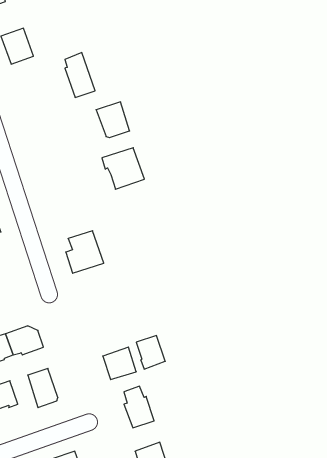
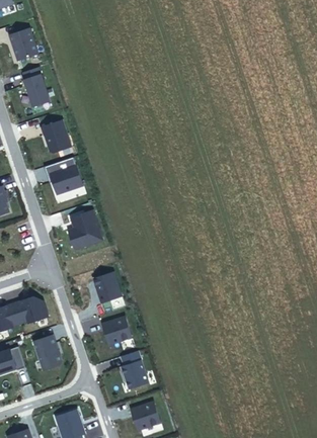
building: [65,53,95,97] -> [23,66,51,106]
building: [96,102,130,138] -> [41,119,71,152]
building: [102,148,144,189] -> [45,157,83,194]
building: [136,336,165,369] -> [94,272,121,302]

